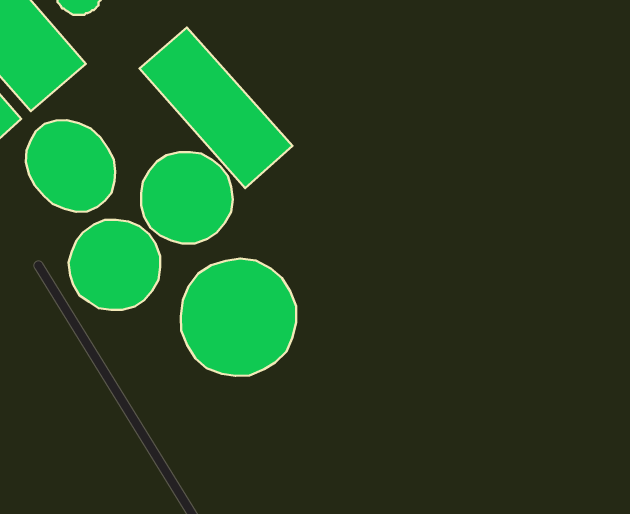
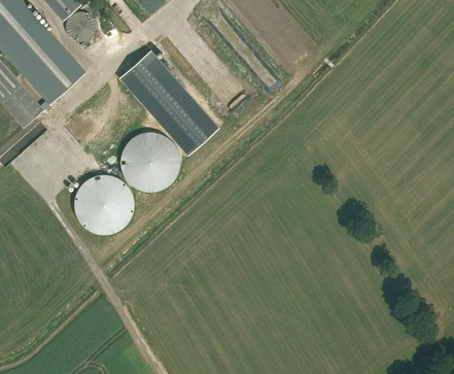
building: [26,120,115,212] -> none
building: [181,259,296,376] -> none

